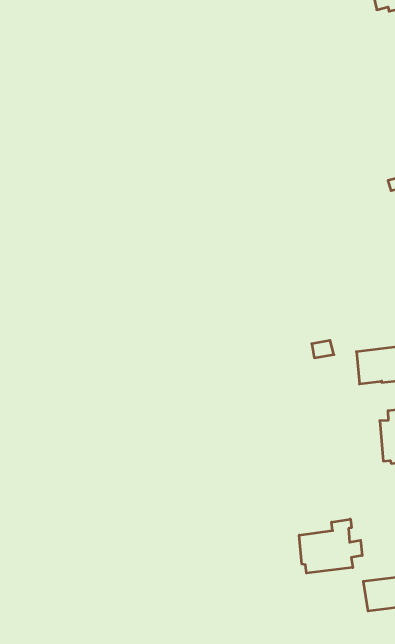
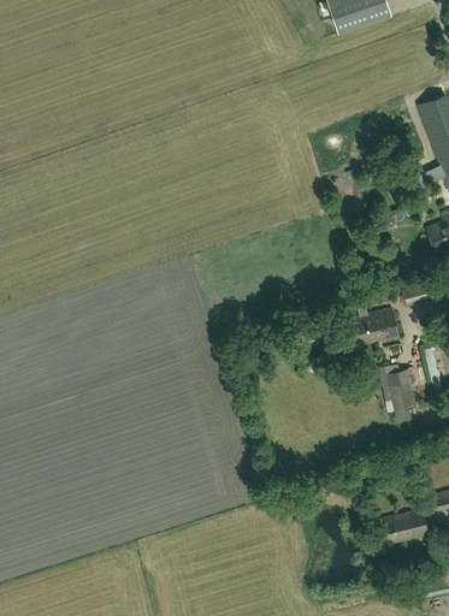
building: [299,519,362,573] -> none

